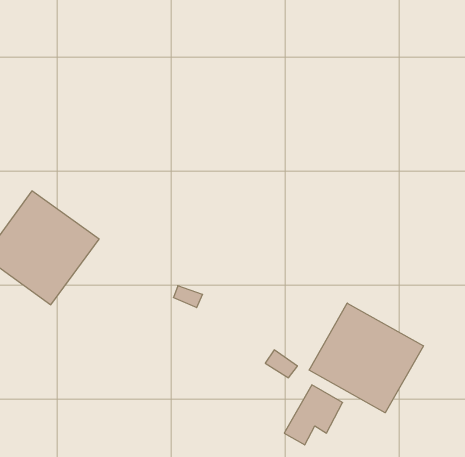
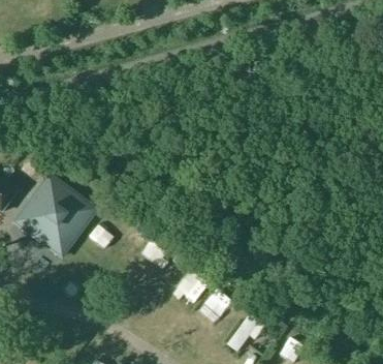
building: [309,303,423,413] -> none

